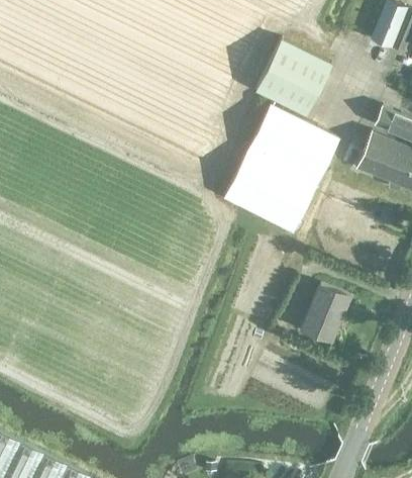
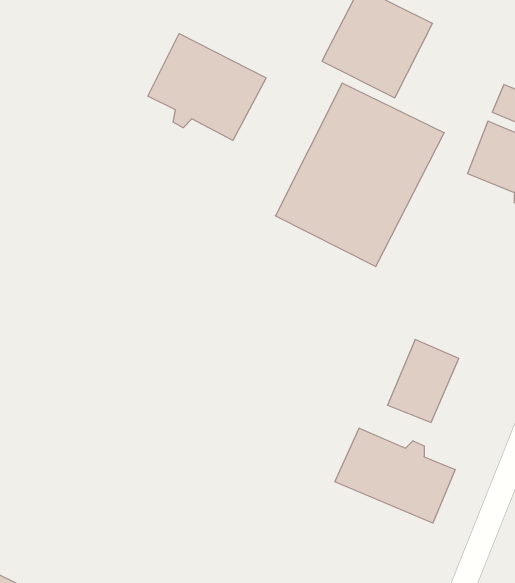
building: none -> [148,34,266,140]
building: none -> [335,428,455,523]

